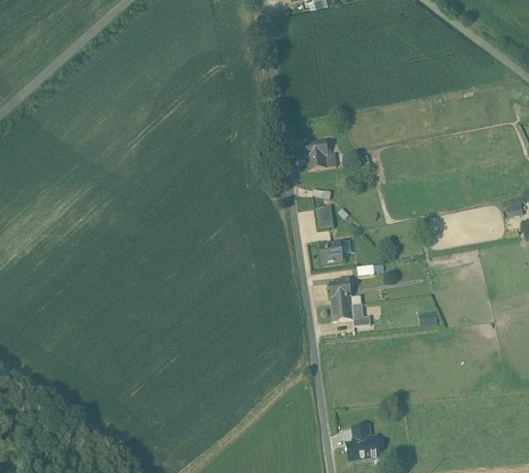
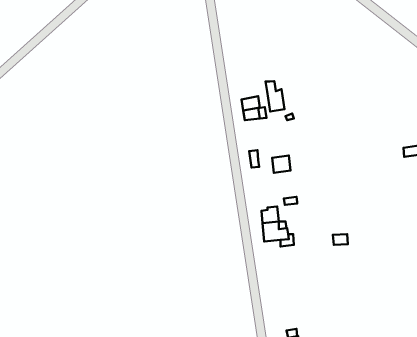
building: none -> [266,81,284,112]
building: [320,242,343,263] -> [272,155,290,173]

